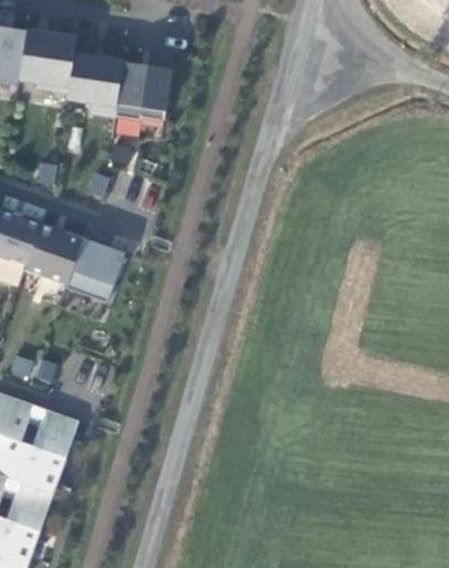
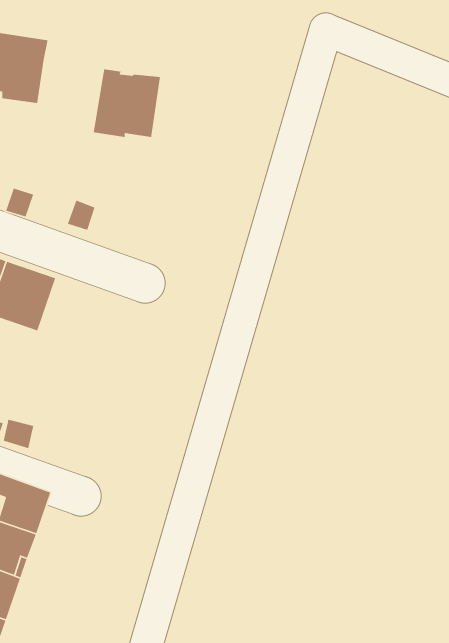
building: [67,53,122,115] -> none
building: [65,239,124,302] -> none

